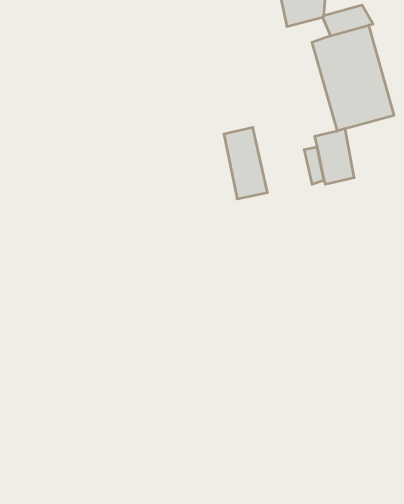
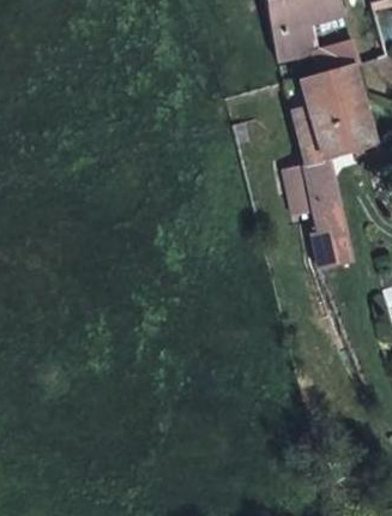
building: [224,127,268,199] -> [312,199,351,264]

